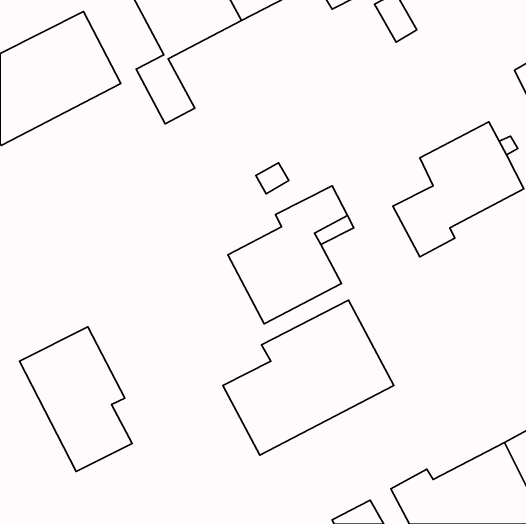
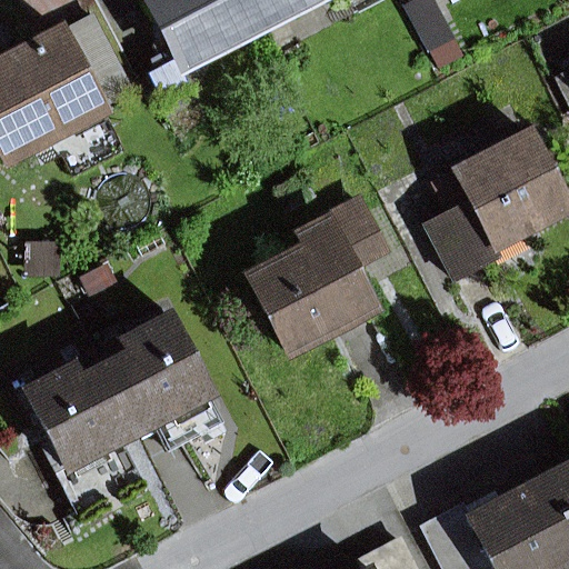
building: none -> [96,315,217,447]
building: [223,300,394,455] -> none

